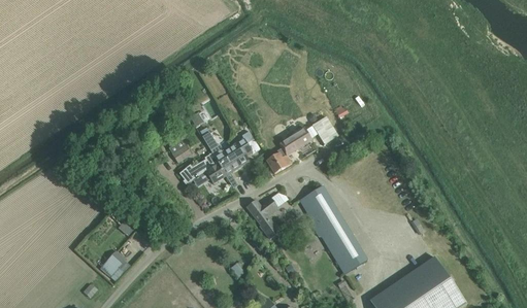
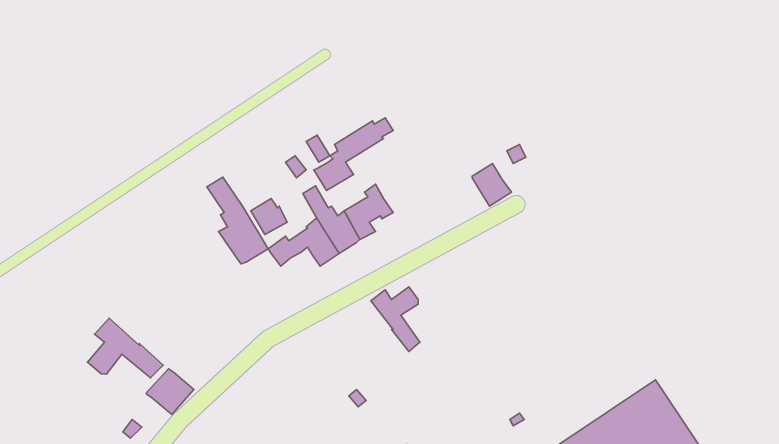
building: none -> [207,177,268,264]
building: [266,126,318,173] -> [314,118,393,190]
building: [299,186,365,275] -> none
building: none -> [88,318,163,378]

